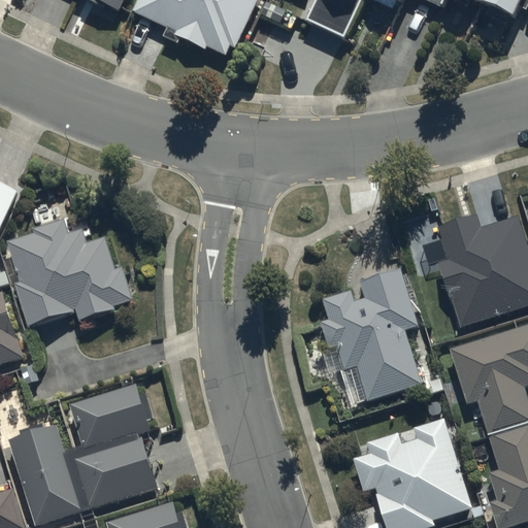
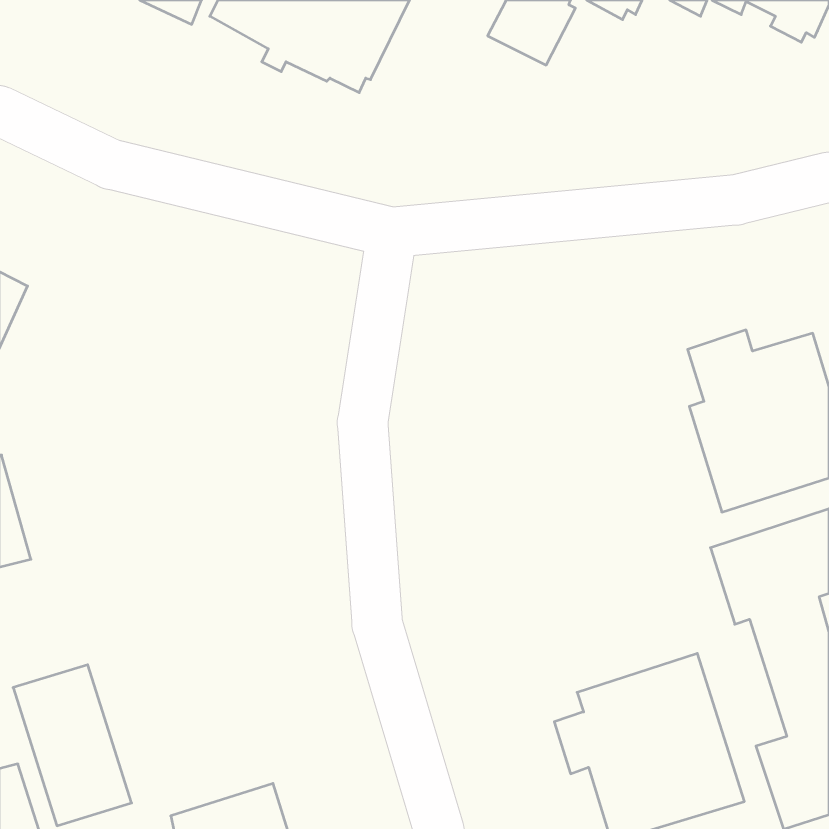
building: [7,217,132,322] -> none
building: [321,267,420,394] -> none
building: [70,384,148,447] -> none
building: [75,438,158,508] -> none

